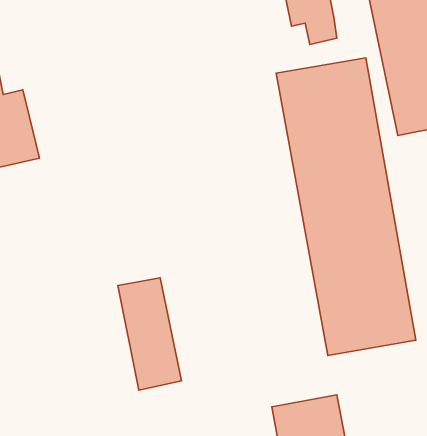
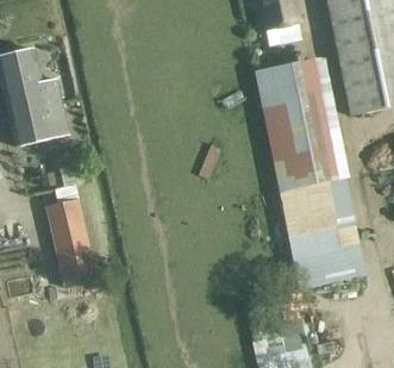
building: [118,278,181,390] -> [46,200,96,288]

